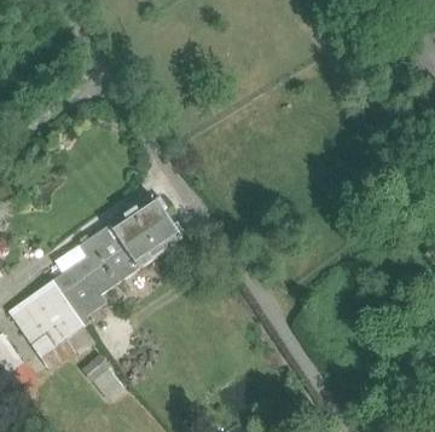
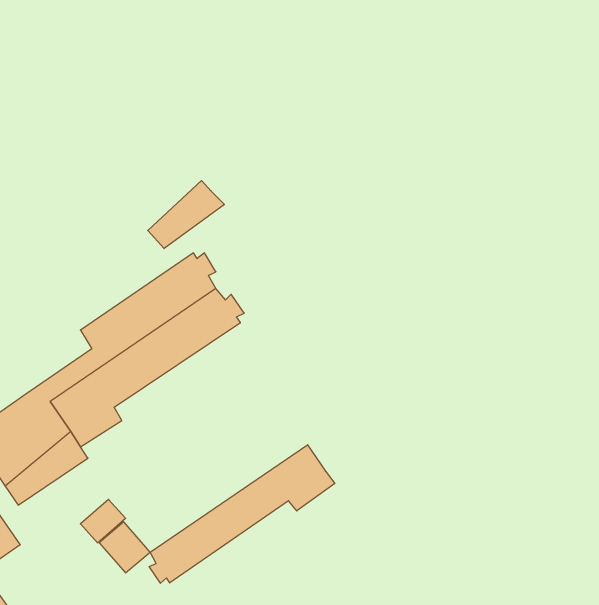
building: none -> [148,181,224,249]
building: none -> [149,445,335,583]

